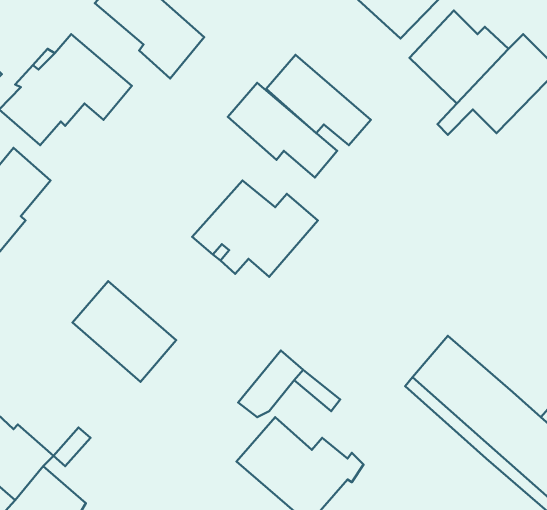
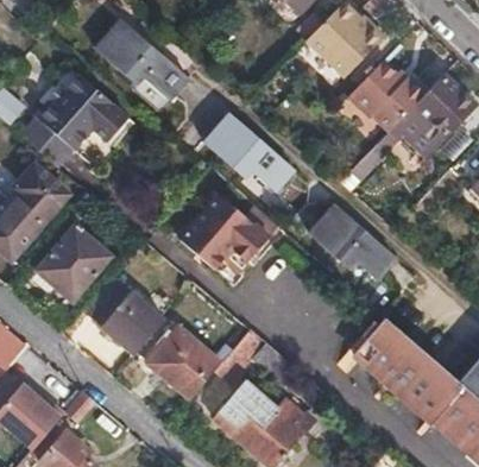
building: [266,55,371,145] -> [311,206,396,278]
building: none -> [39,228,107,299]
building: none -> [147,328,220,400]

